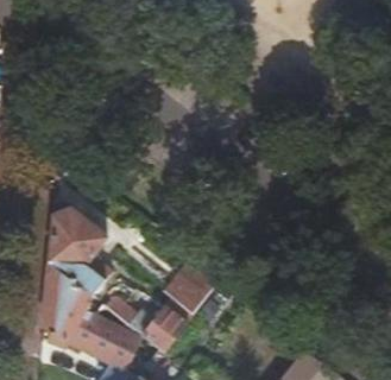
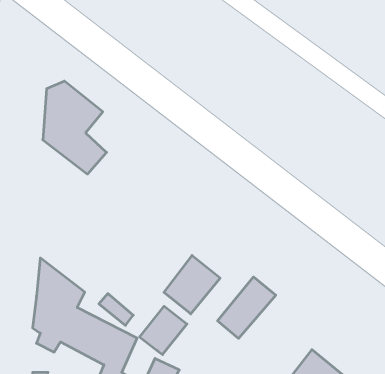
building: [50,208,109,294] -> [43,81,107,174]
building: none -> [218,277,276,338]

